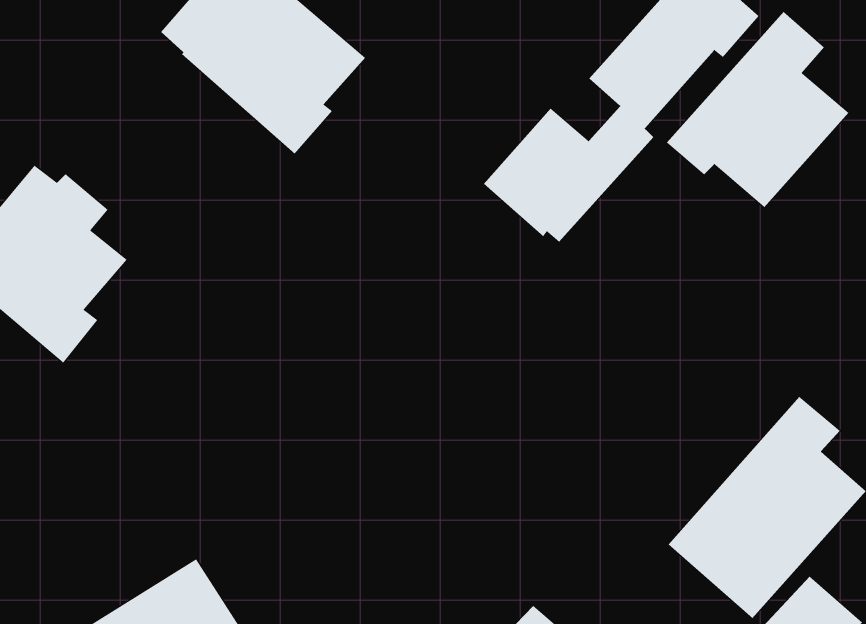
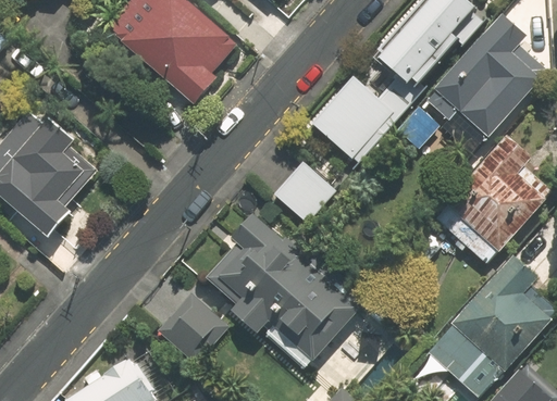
building: none -> [436,136,547,259]
building: none -> [274,160,336,222]
building: none -> [218,214,358,360]
building: none -> [158,292,230,363]

